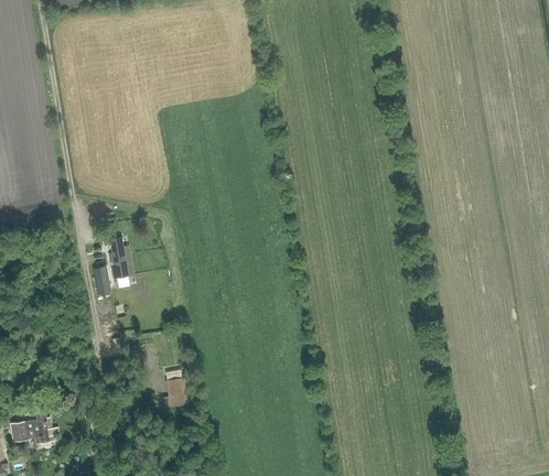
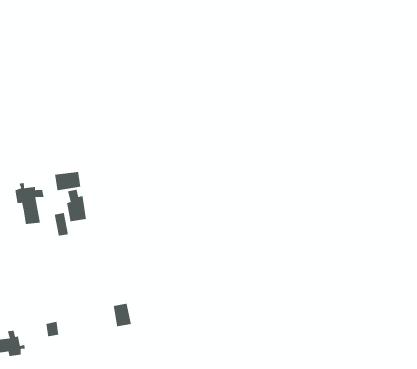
building: none -> [54,171,81,191]
building: none -> [14,182,44,225]

